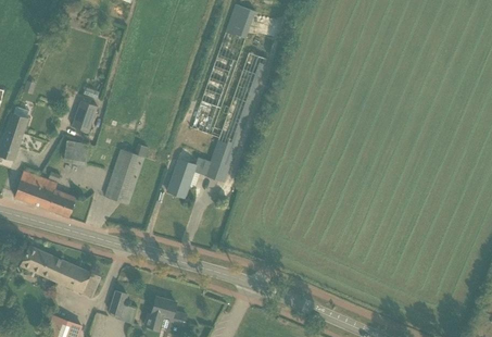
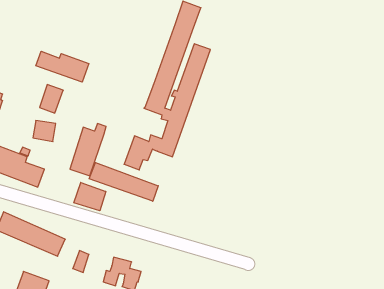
building: none -> [36,51,89,82]
building: none -> [89,163,158,201]
building: none -> [74,182,106,211]

